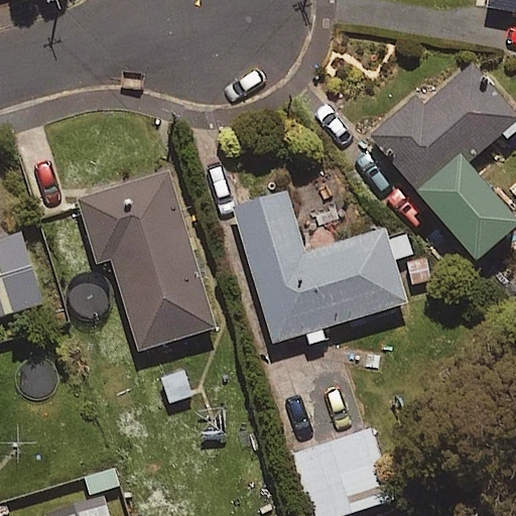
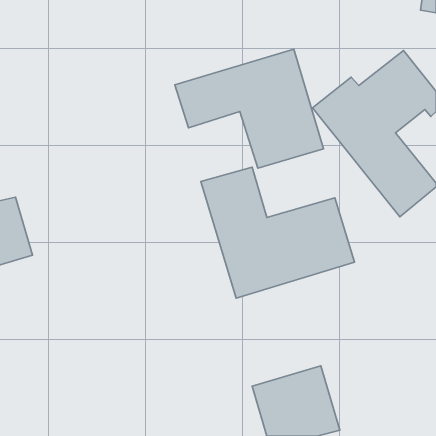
building: none -> [175,49,324,168]
building: [75,168,211,346] -> none

